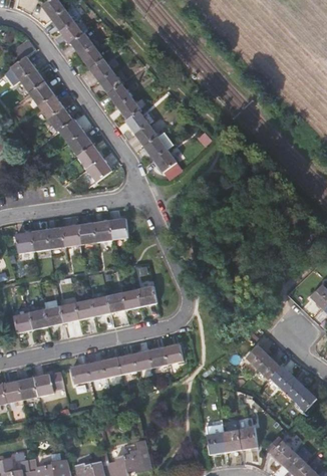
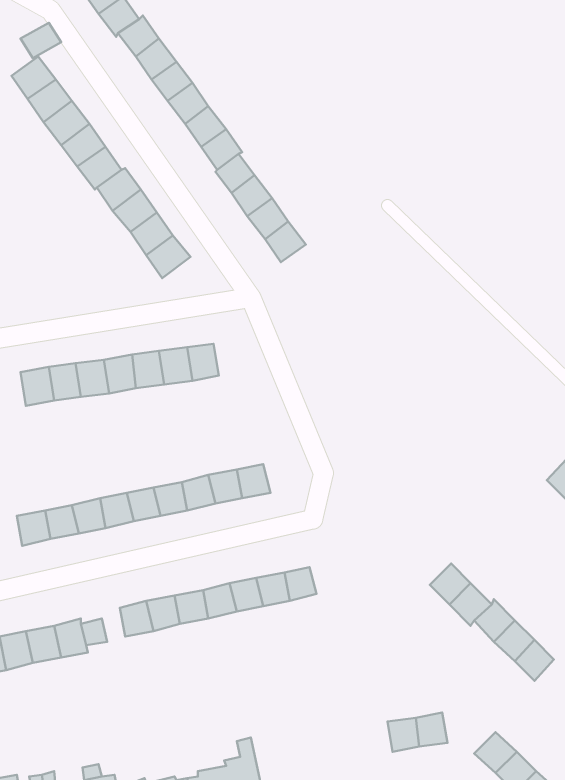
building: [207,424,226,451] -> none

